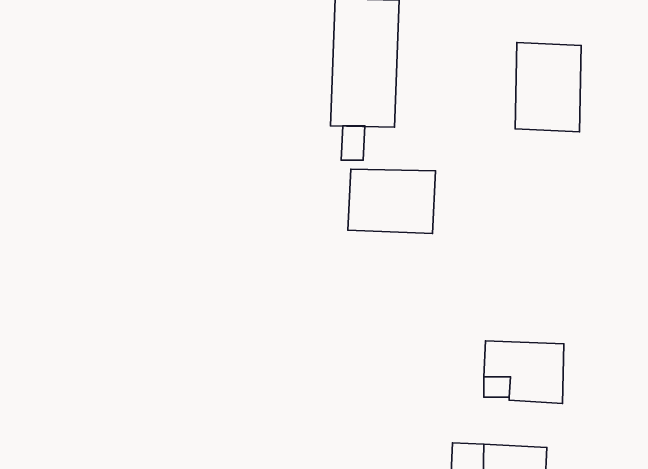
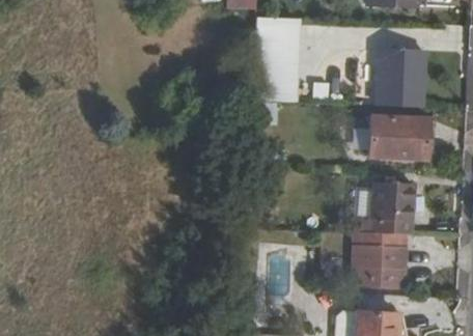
building: [348,169,436,233] -> [369,115,427,158]
building: none -> [371,178,411,231]

